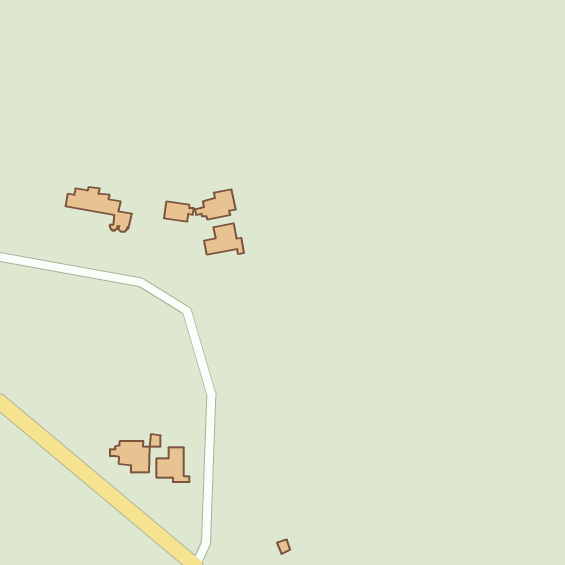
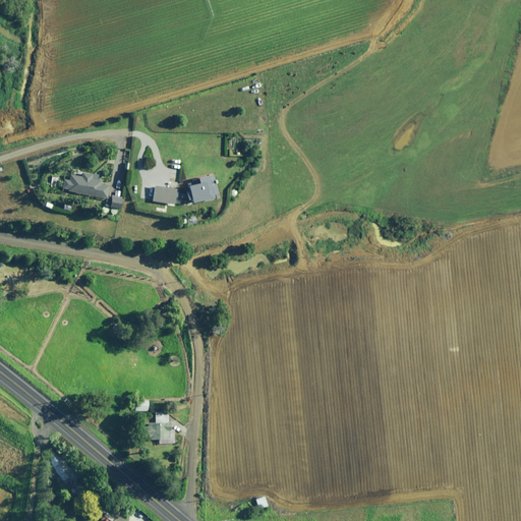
building: [204,223,244,255] -> none
building: [110,441,150,473] -> none

